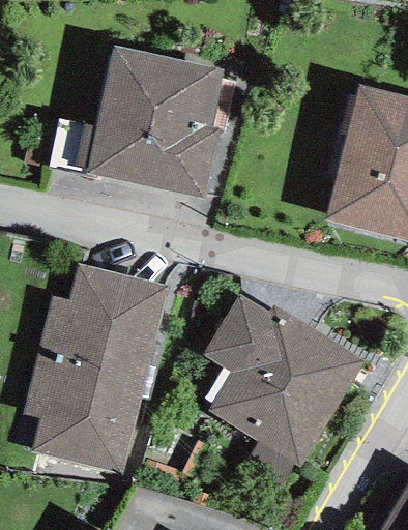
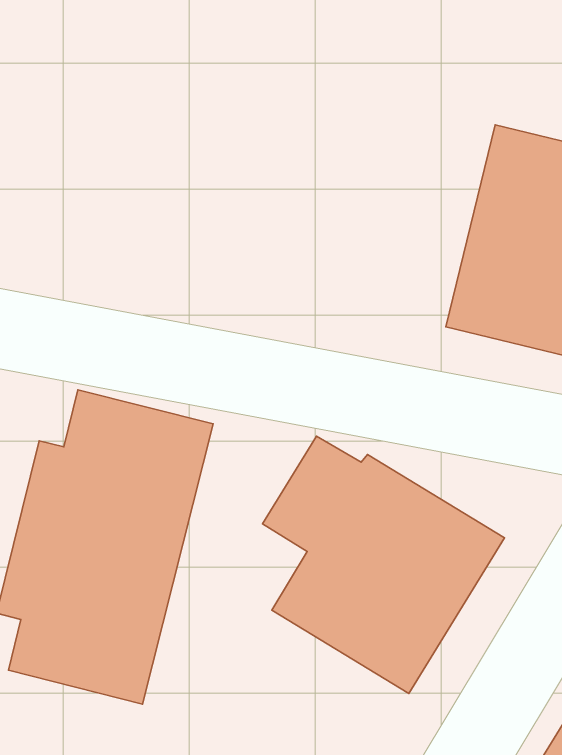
building: [87,46,224,198] -> none

